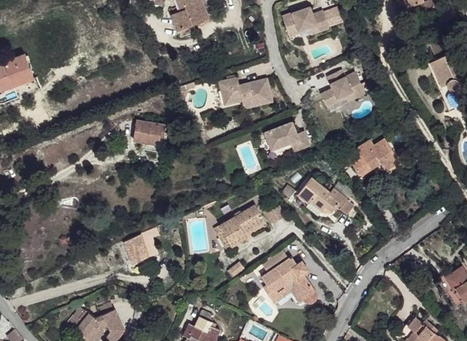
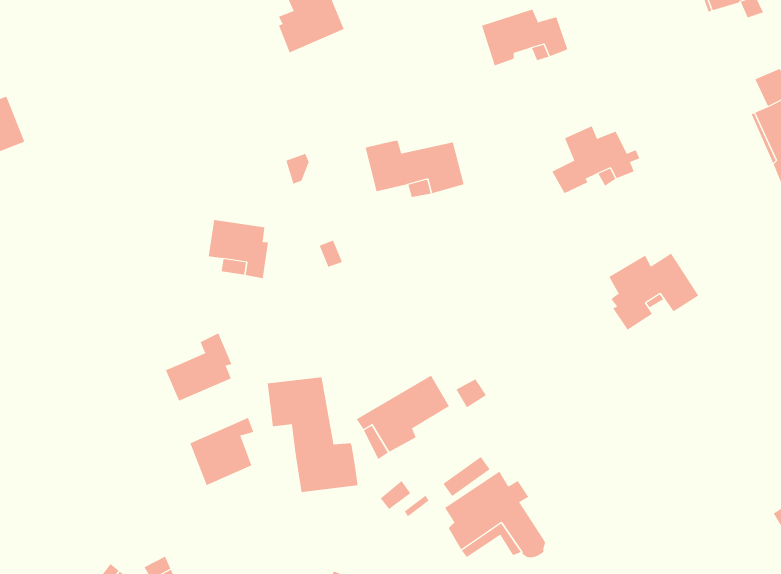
building: [265,121,310,151] -> none
building: [298,177,354,215] -> none
building: none -> [165,333,232,402]
building: none -> [267,376,358,493]

